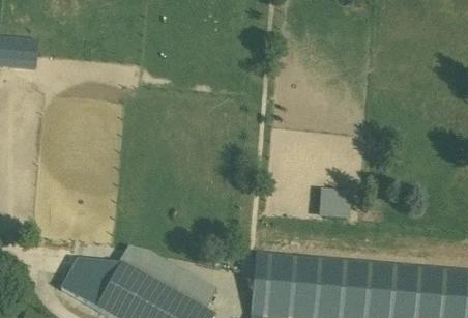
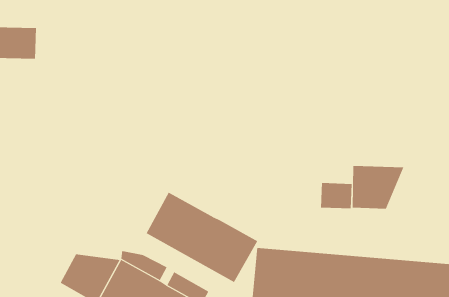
building: none -> [352,165,404,210]
building: none -> [146,192,258,283]

